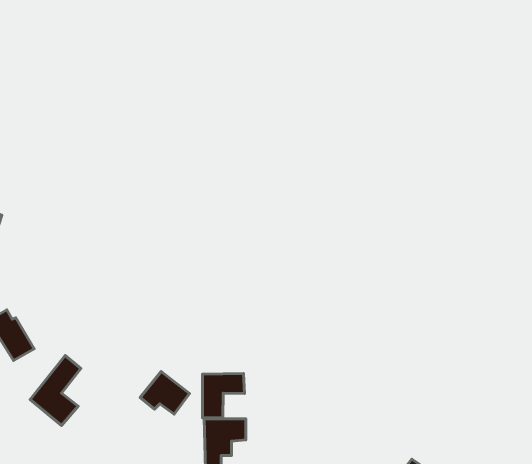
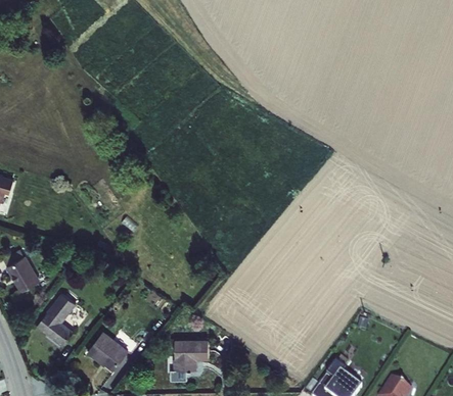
building: [140,371,190,414] -> [88,326,127,359]
building: [202,373,245,418] -> none

